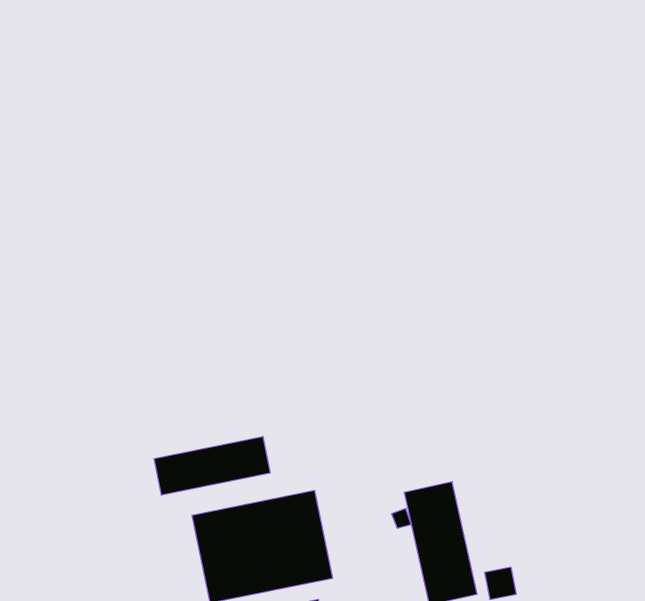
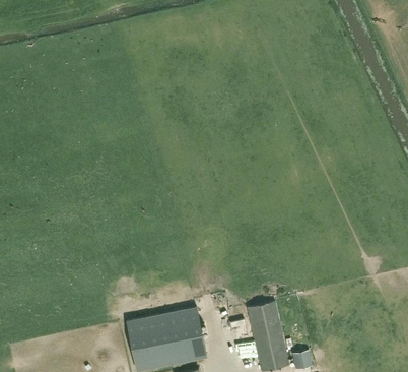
building: [154,436,270,495] -> none

